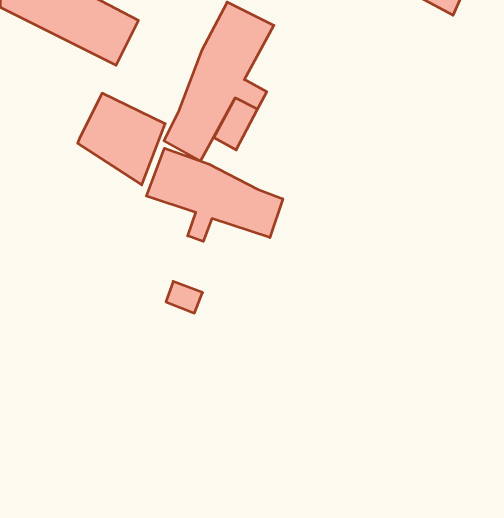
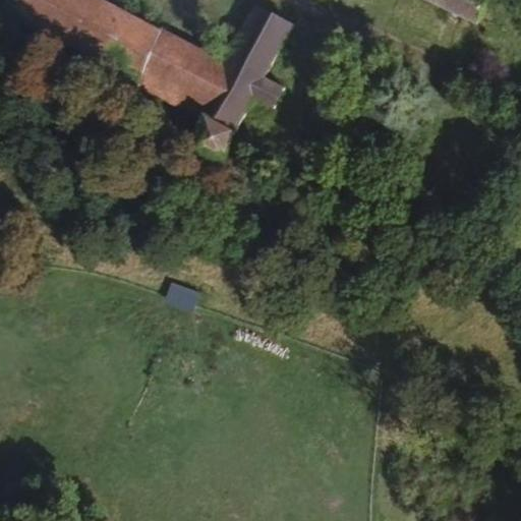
building: [78,93,165,185] -> [130,20,218,112]
building: [146,148,283,241] -> none

